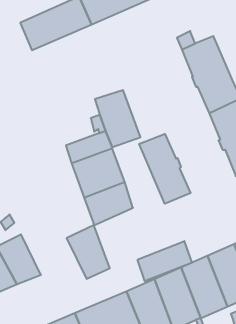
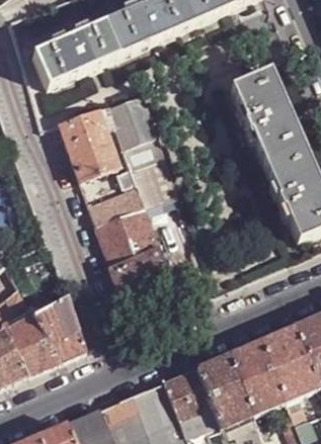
building: none -> [107,92,157,147]
building: none -> [58,108,117,179]
building: [139,134,191,204] -> none
building: [67,225,110,279] -> [32,295,85,361]
building: [138,241,192,281] -> none

